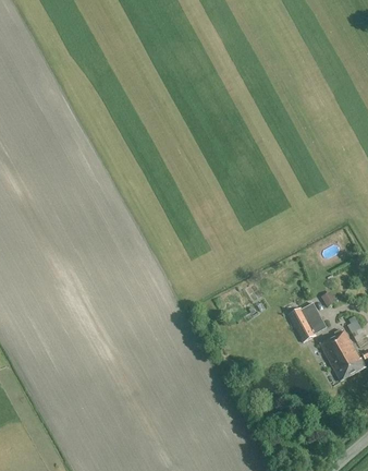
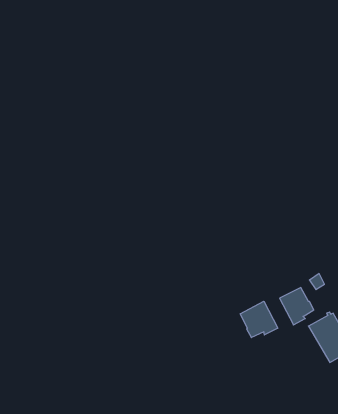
building: none -> [240,301,278,338]

